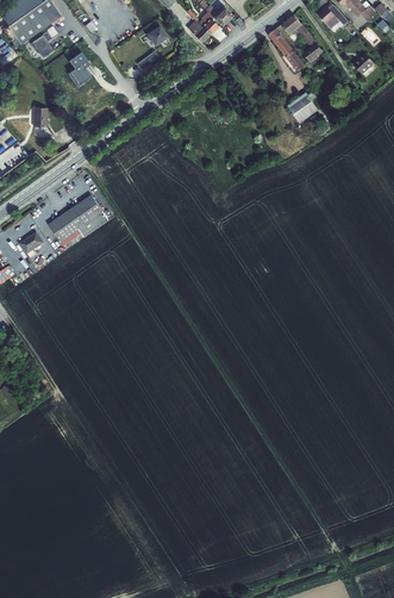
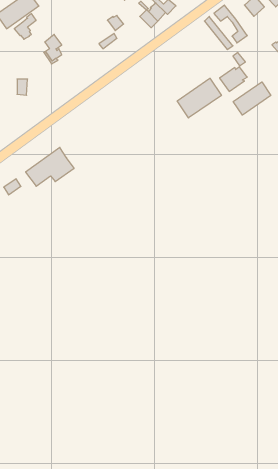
building: none -> [177,78,221,118]
building: none -> [233,82,271,115]

